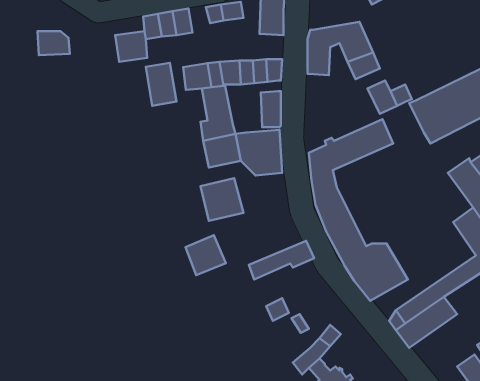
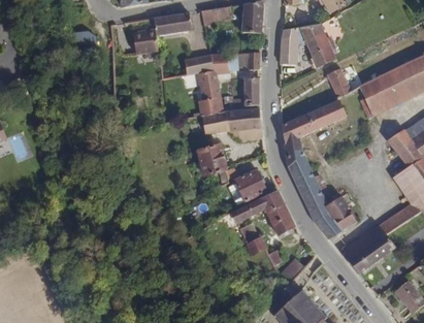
building: [146,63,176,106] -> none
building: [186,235,226,275] -> [236,172,267,203]
building: none -> [268,205,296,236]

